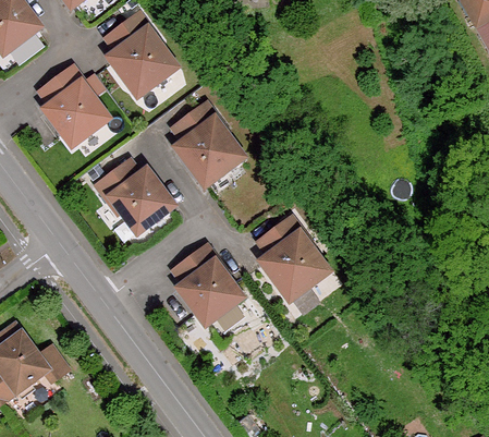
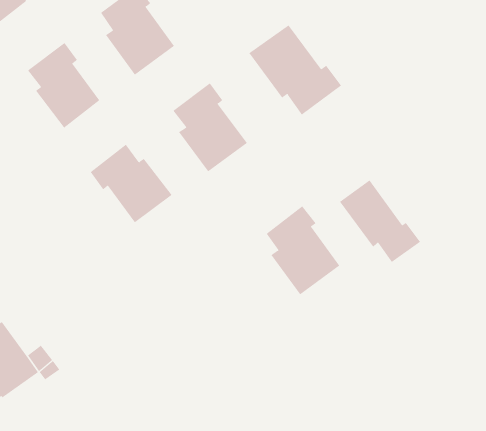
building: none -> [249,24,342,115]
building: none -> [339,179,421,263]
building: [173,244,241,324] -> none

